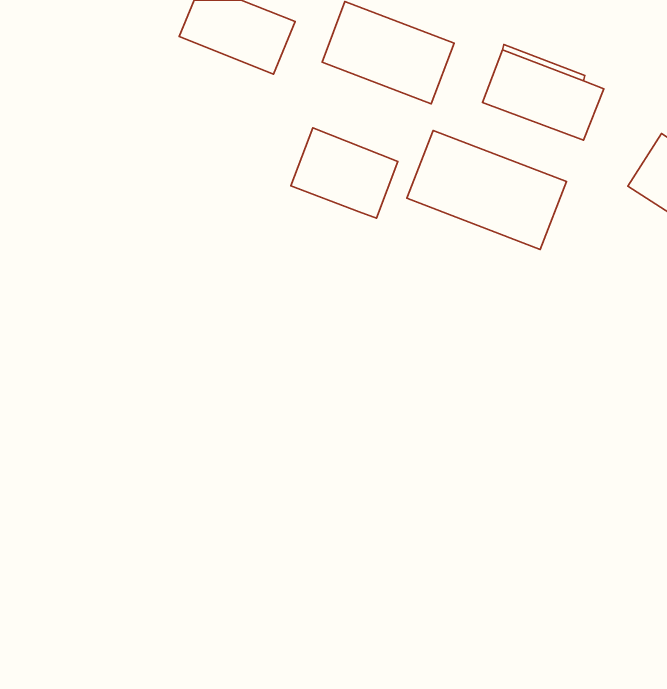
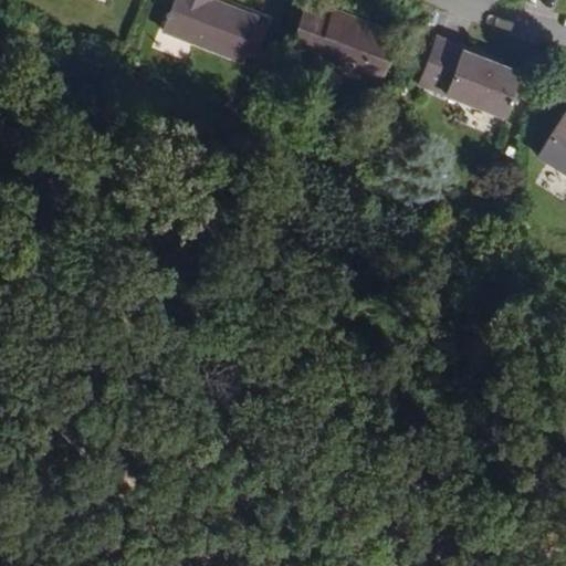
building: [291,128,398,218] -> none
building: [407,130,566,249] -> none

